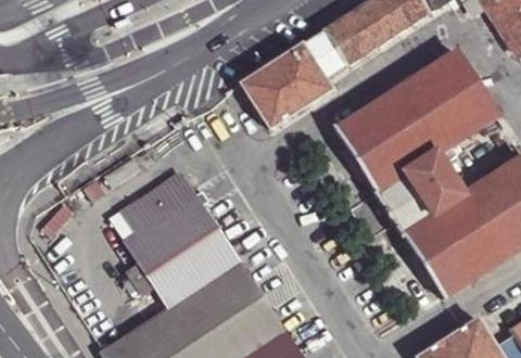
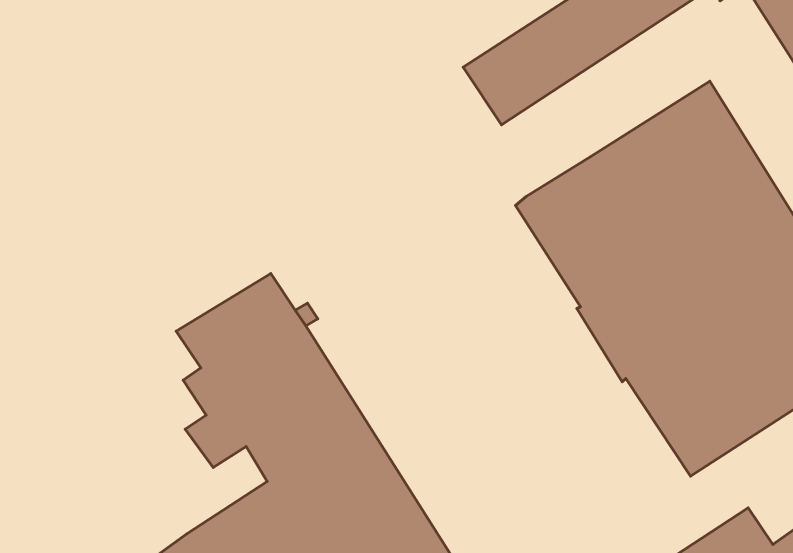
building: [240,43,332,129] -> none

